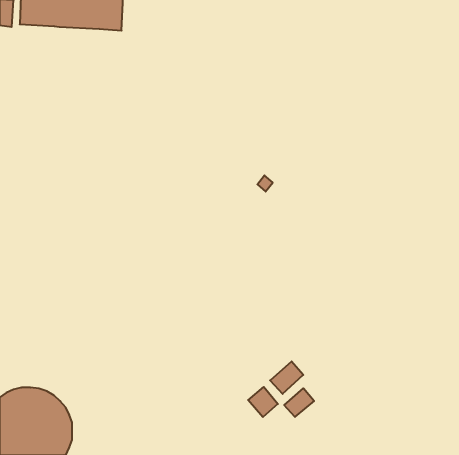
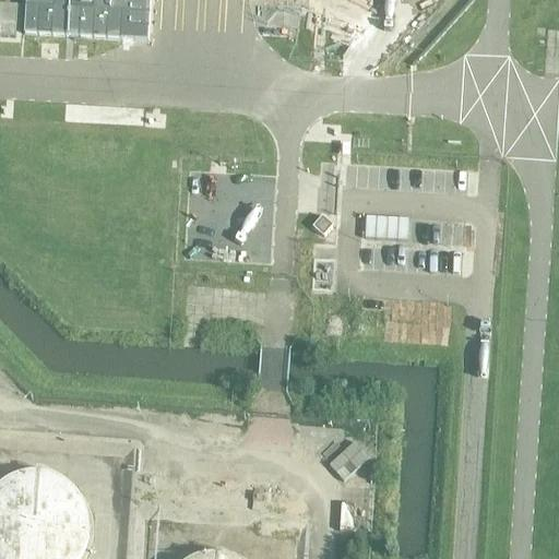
building: [248,387,278,417] -> none
building: [284,388,314,417] -> none

